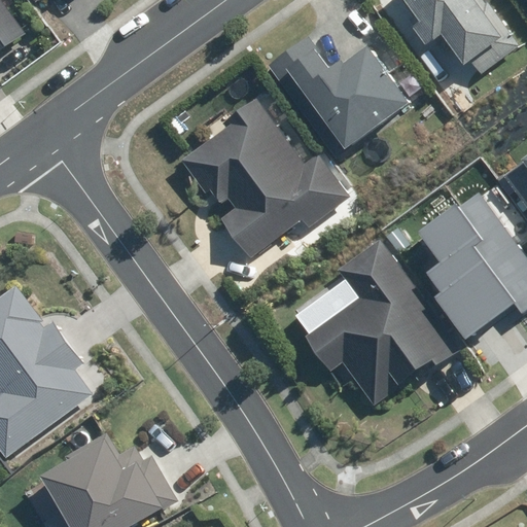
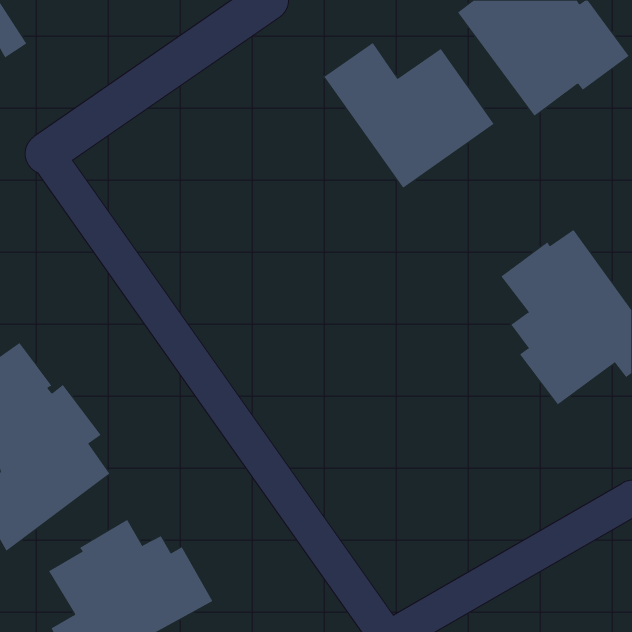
building: [188,96,351,260] -> none
building: [290,238,458,405] -> none

